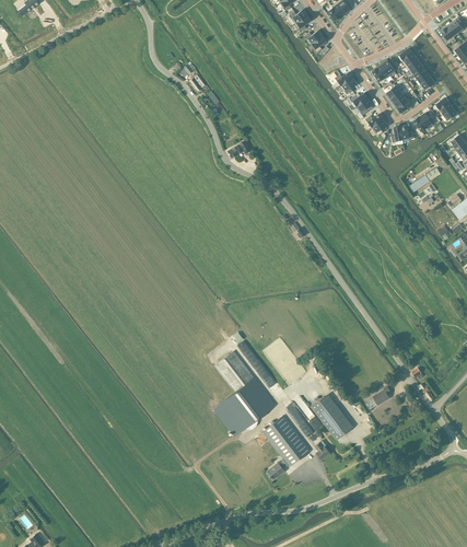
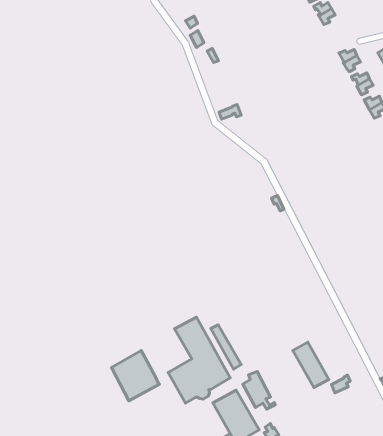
building: none -> [111,351,160,401]
building: [311,396,349,439] -> [293,342,329,388]

